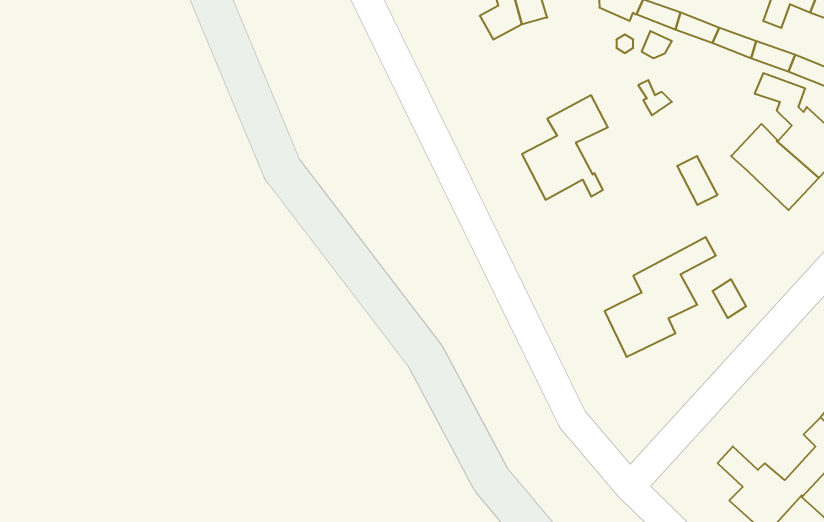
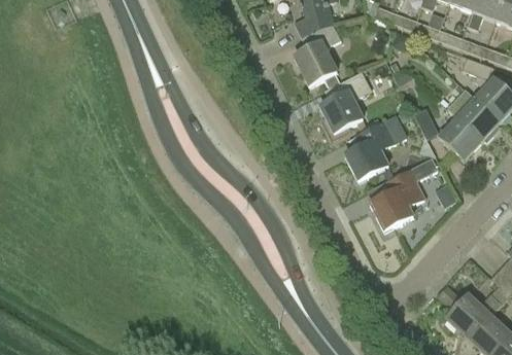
building: none -> [294,23,341,85]
building: none -> [345,113,408,180]
building: none -> [439,116,482,159]

